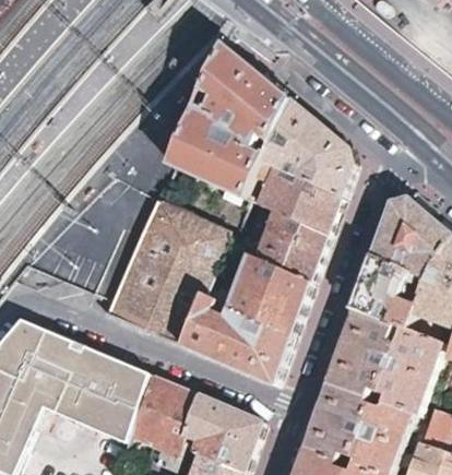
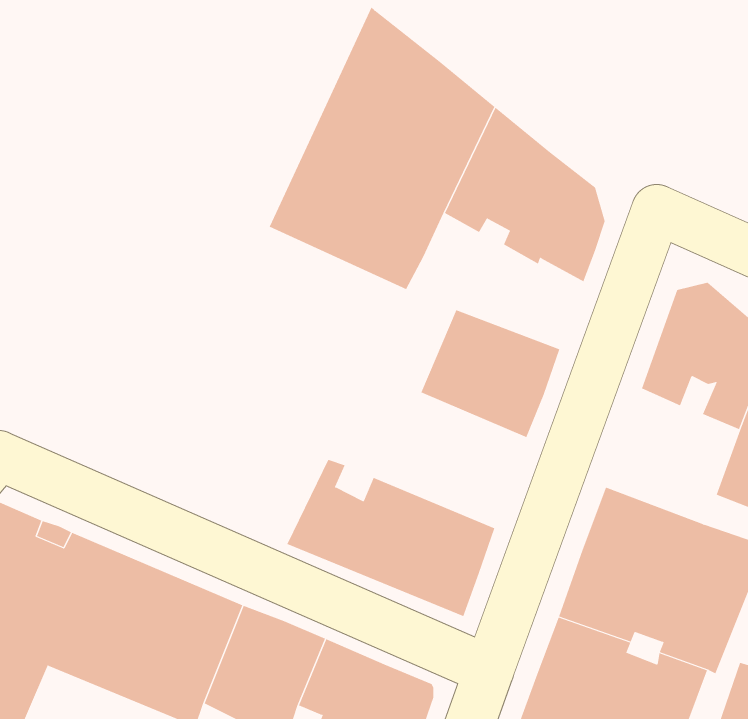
building: [253,158,342,234] -> none
building: [100,198,228,342] -> none
building: [225,256,310,333] -> none
building: [354,256,428,331] -> none

